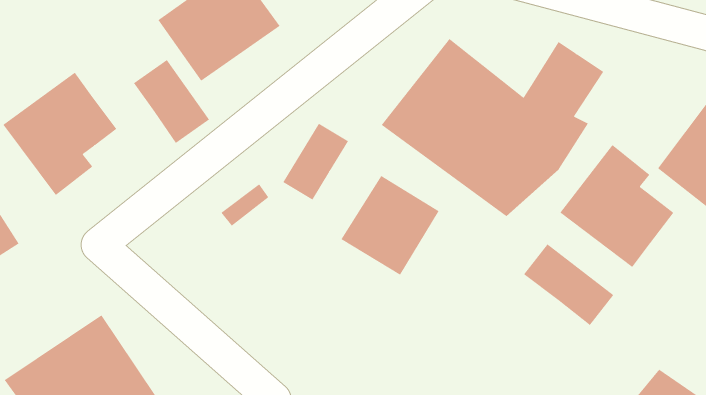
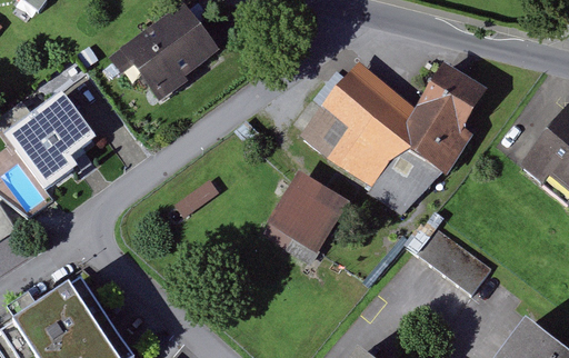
building: [133,59,210,144] -> none
building: [283,123,349,201] -> none
building: [560,144,674,268] -> none

